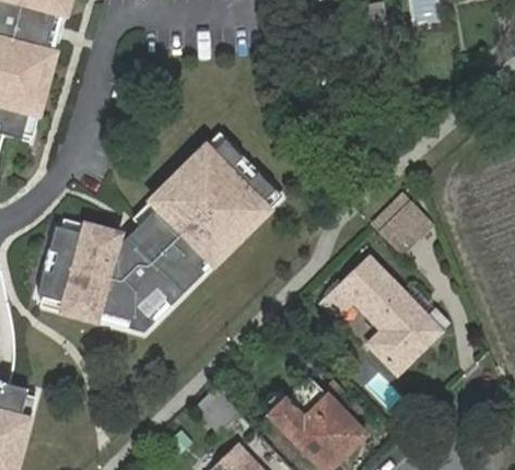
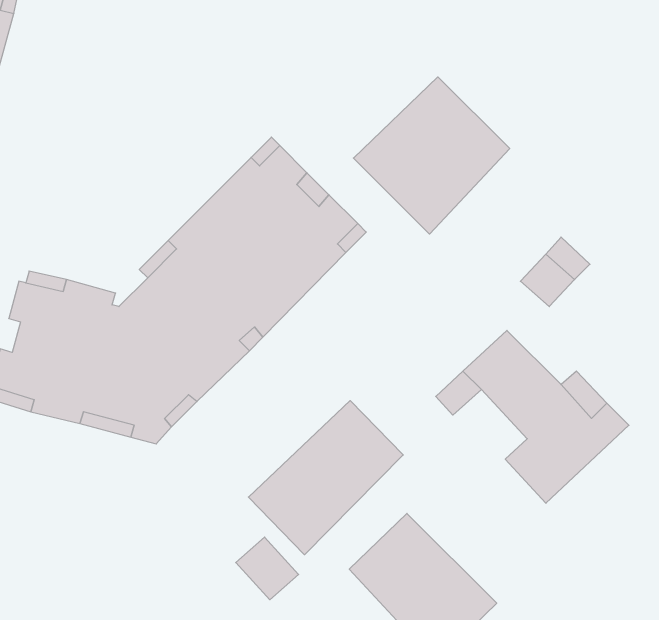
building: none -> [353,77,510,234]
building: none -> [248,401,403,555]

